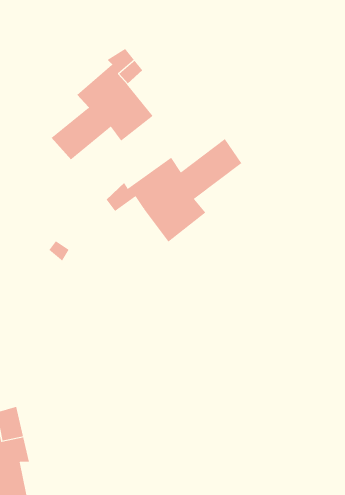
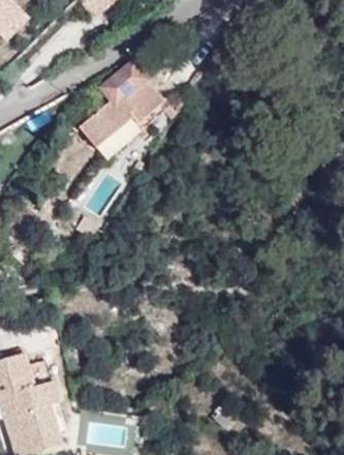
building: [106,138,242,242] -> none

